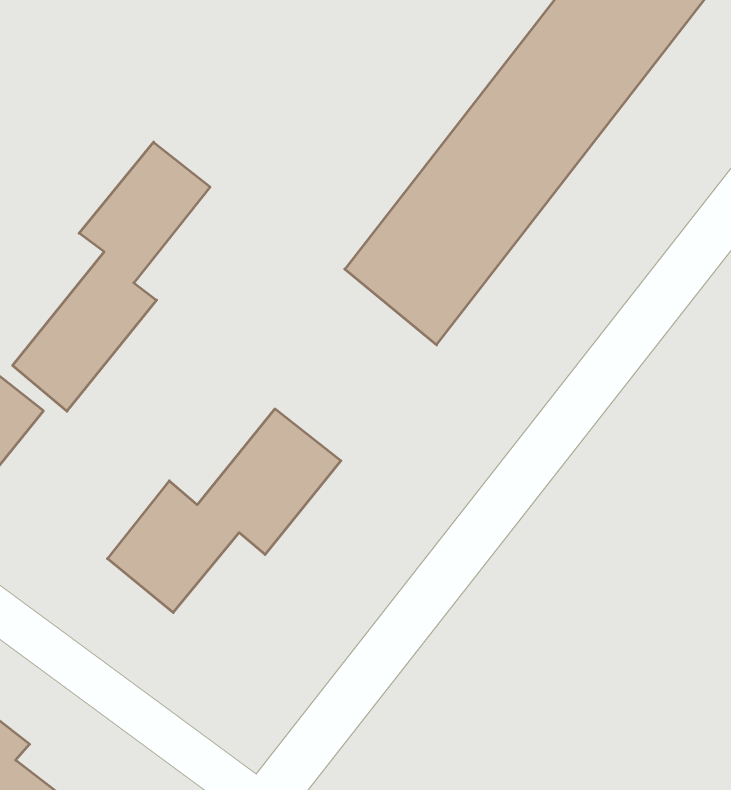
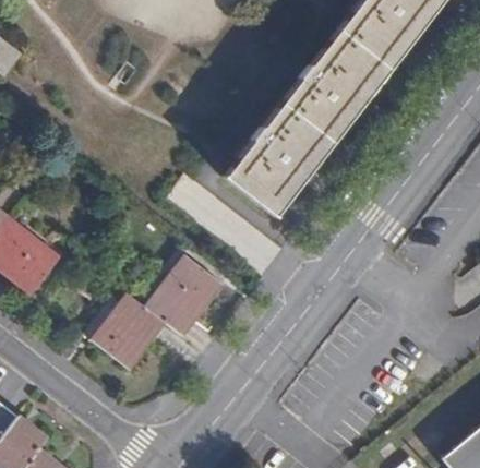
building: [13,142,210,411] -> none

